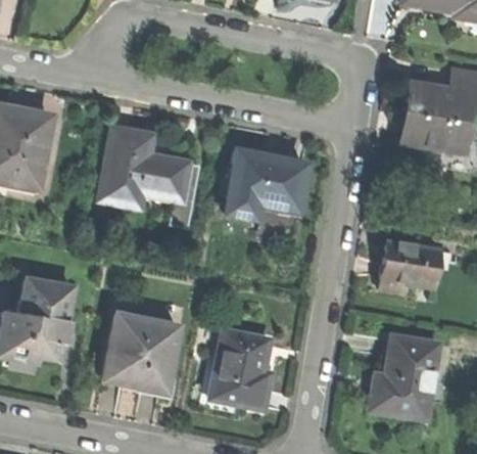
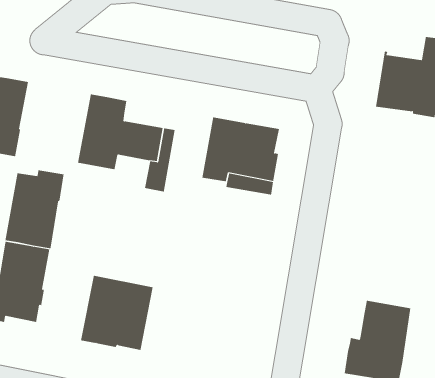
building: none -> [5,169,64,249]
building: [379,240,441,291] -> none
building: [209,328,271,408] -> none

